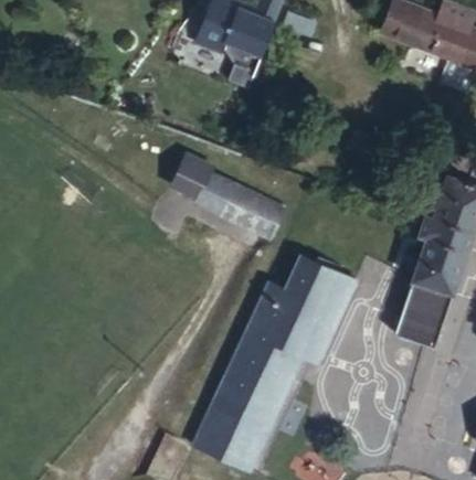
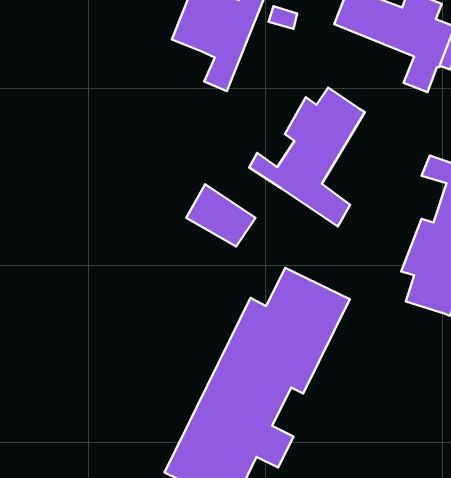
building: none -> [249,87,365,227]
building: [161,148,225,205] -> none
building: [398,282,449,345] -> none

